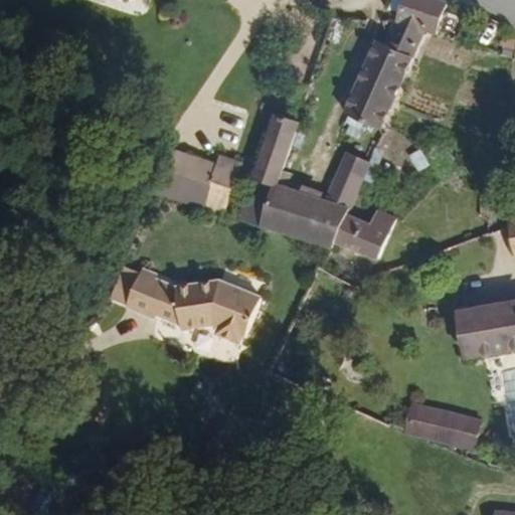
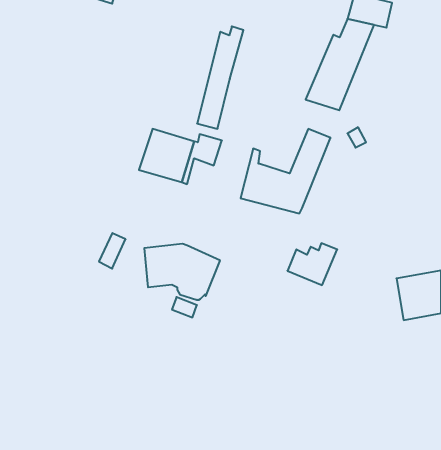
building: [248,109,301,224] -> [197,26,243,129]
building: [341,204,397,251] -> [287,243,337,285]
building: [127,271,166,317] -> none
building: [412,414,480,459] -> none

